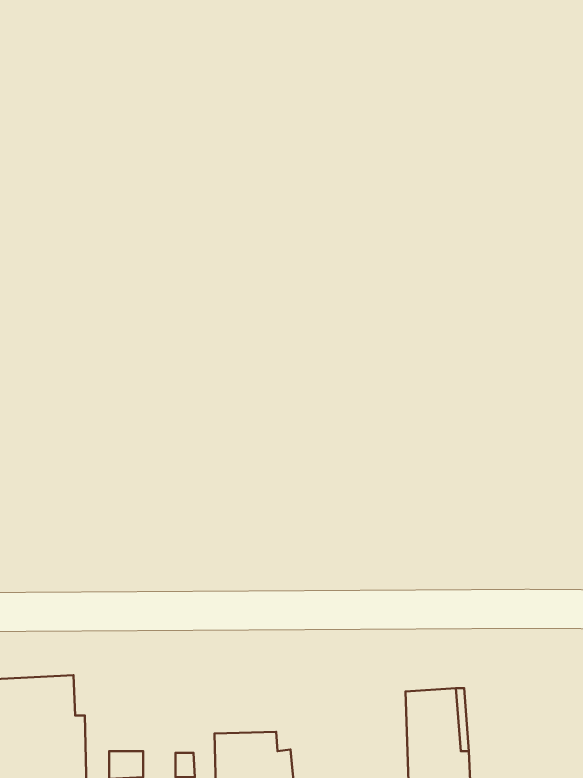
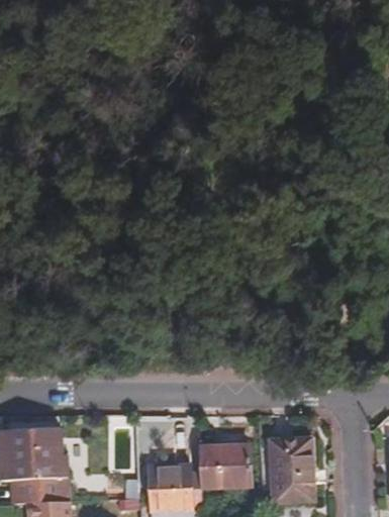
building: none -> [195,447,249,491]

